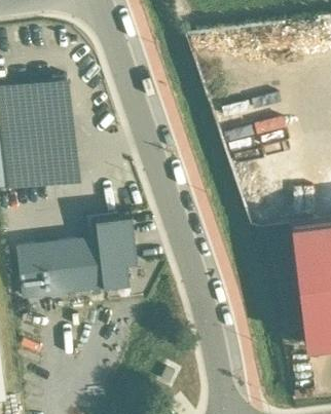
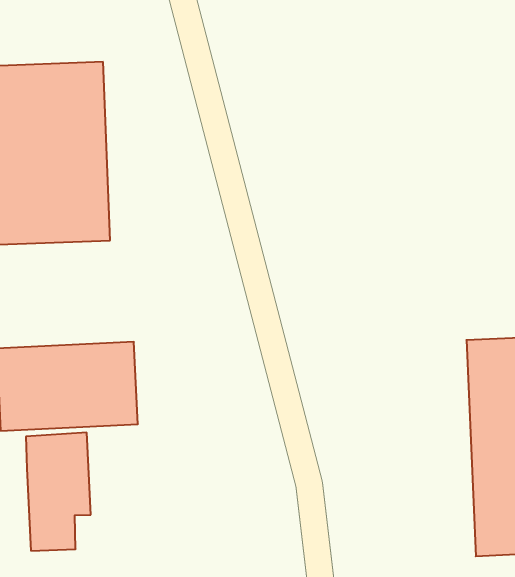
building: [95,220,136,291] -> [26,433,91,551]

